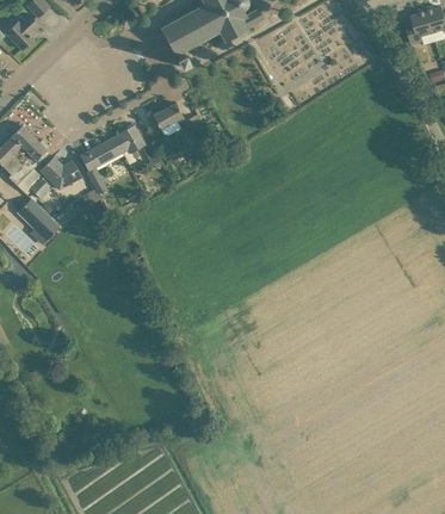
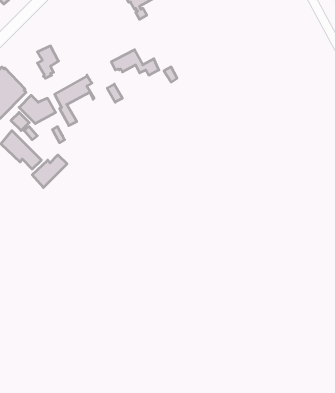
building: [118,126,143,165] -> [37,46,59,78]
building: none -> [32,155,67,188]

